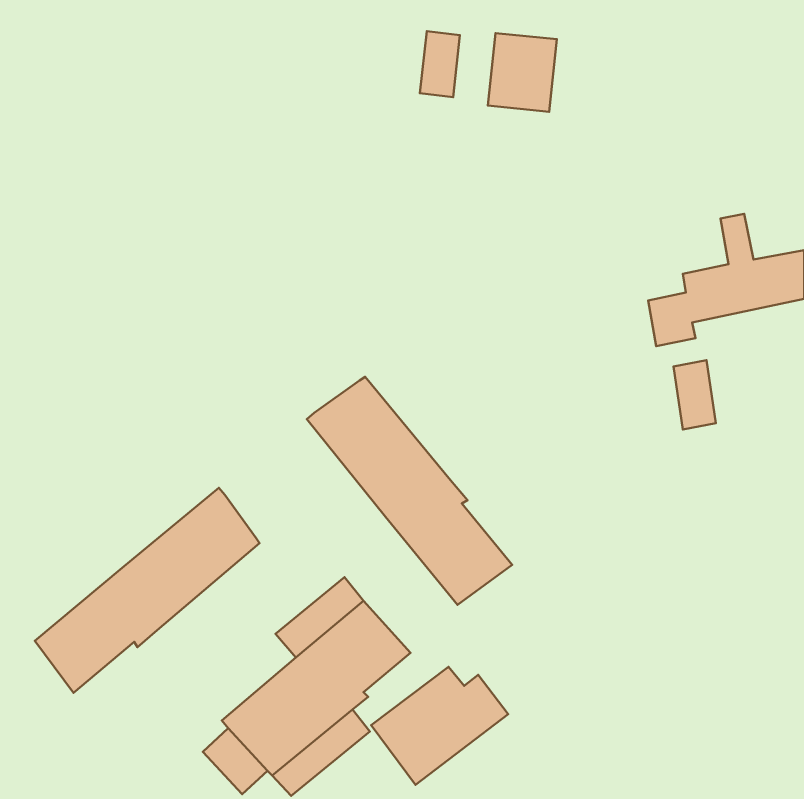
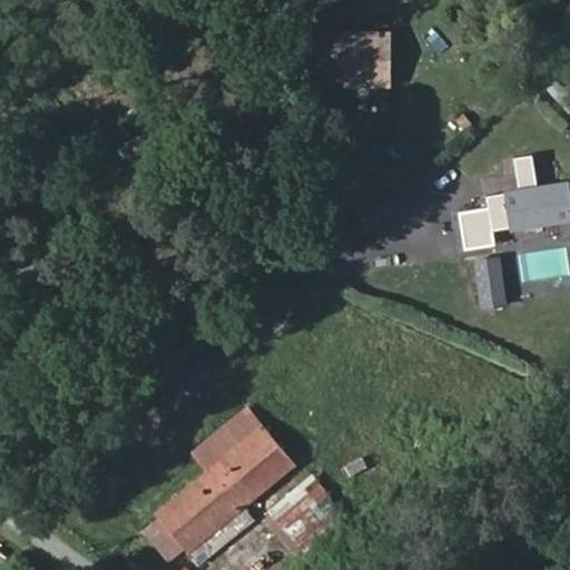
building: [420,31,460,97] -> none
building: [307,377,512,605] -> none
building: [35,488,260,693] -> none

